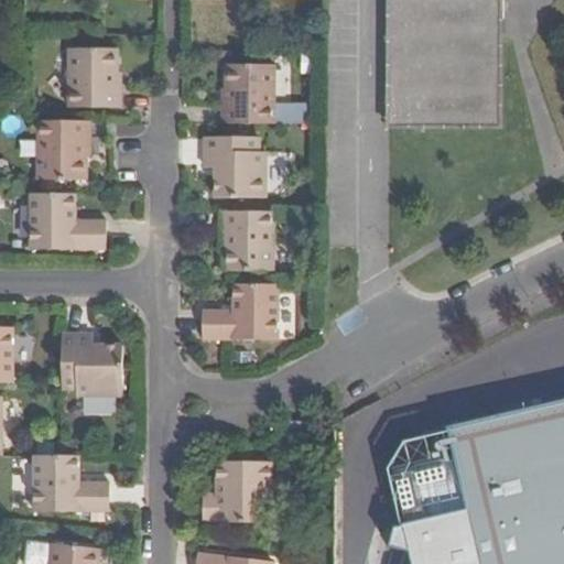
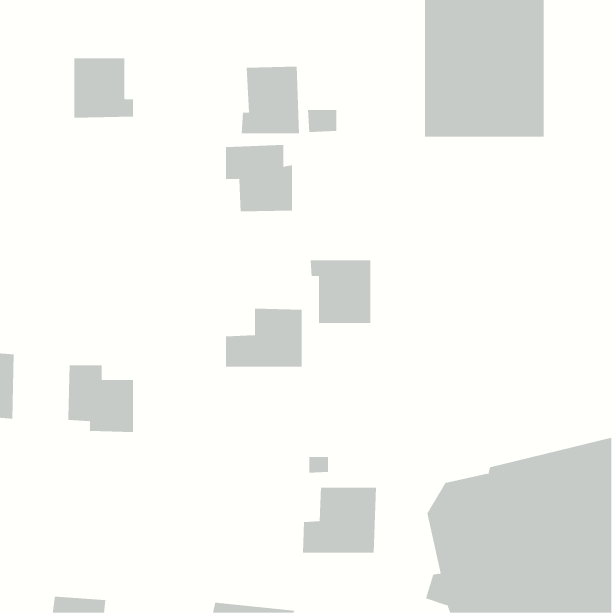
building: [36,121,89,182] -> none
building: [30,195,105,254] -> none
building: [217,212,273,270] -> [310,260,371,324]
building: [34,456,110,514] -> none
building: [199,460,268,521] -> [302,487,377,553]

